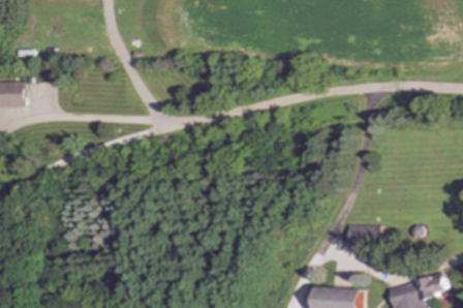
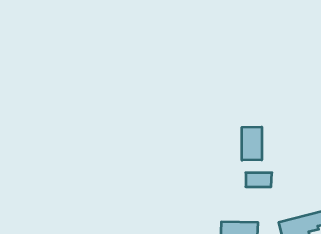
building: none -> [242,127,262,160]

